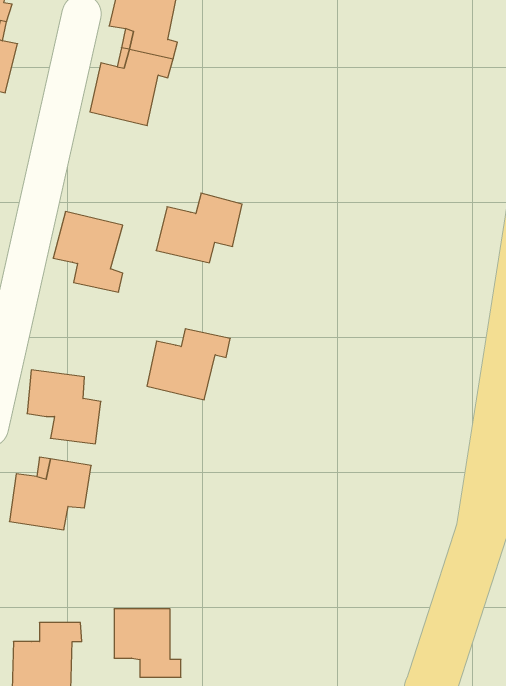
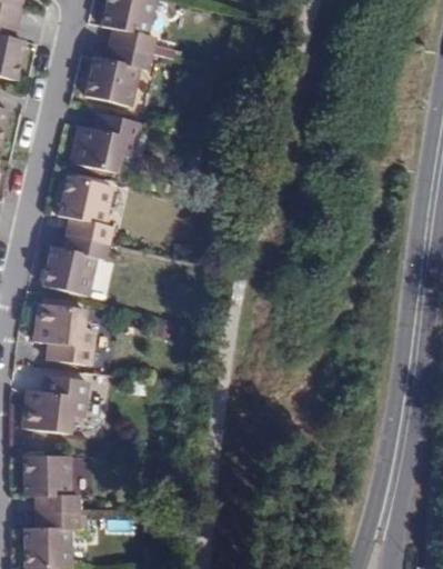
building: [156,193,242,263] -> [69,113,139,170]
building: [147,329,230,400] -> [41,234,109,292]
building: [114,609,181,677] -> [23,456,78,511]

